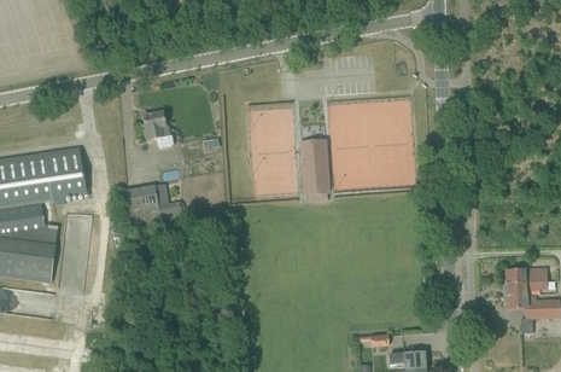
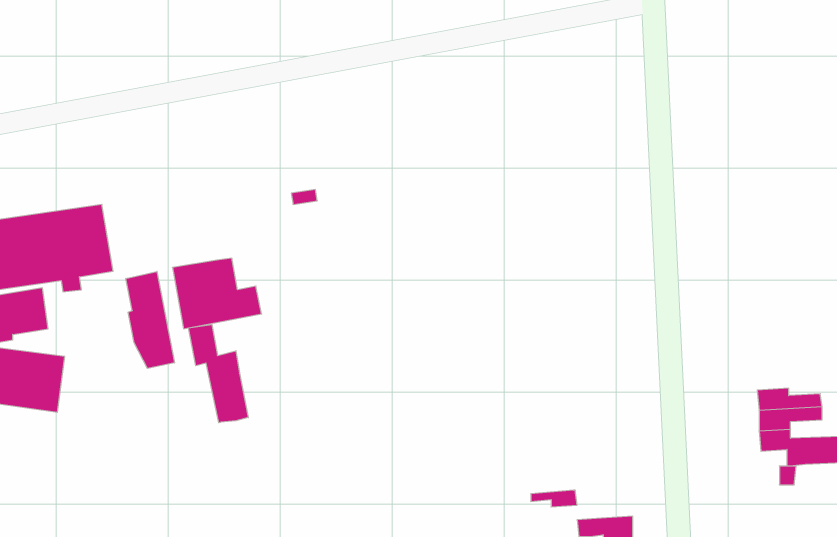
building: [144,110,174,146] -> none
building: [300,140,328,193] -> none
building: none -> [126,271,174,368]
building: none -> [189,324,248,423]

